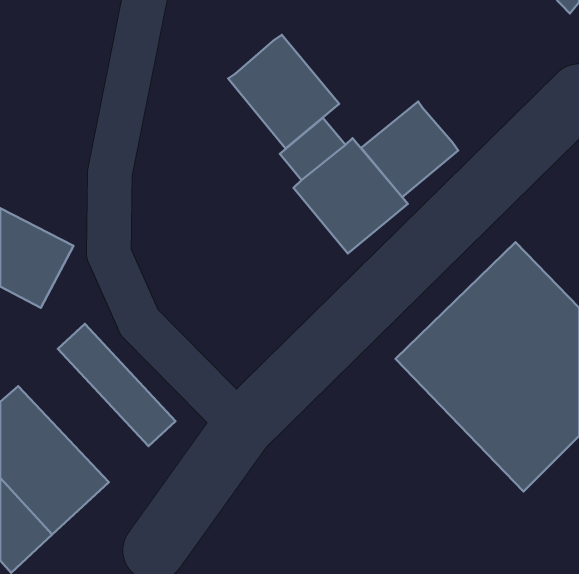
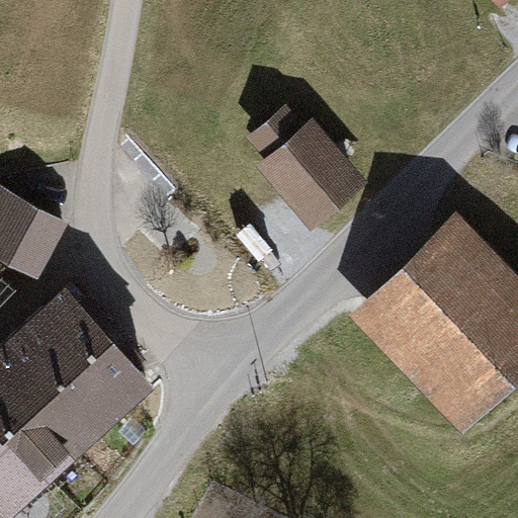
building: [228,35,339,149] -> none
building: [361,101,458,197] -> none
building: none -> [16,312,133,431]

